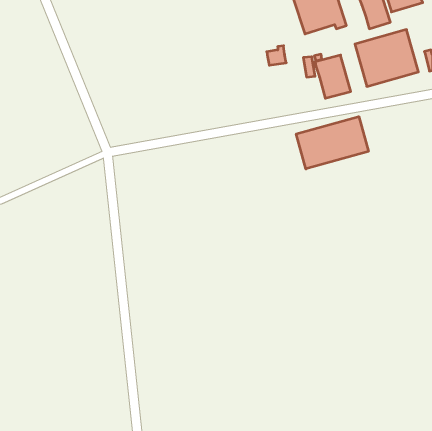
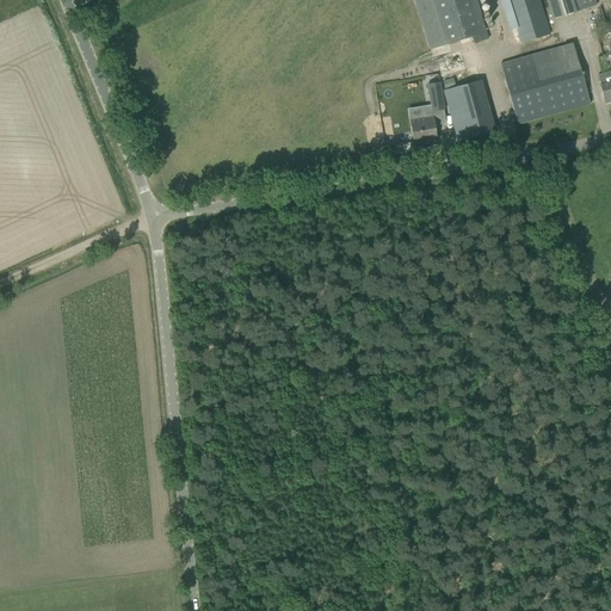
building: [267,46,286,65] -> [411,113,438,141]
building: [296,117,368,169] -> none

